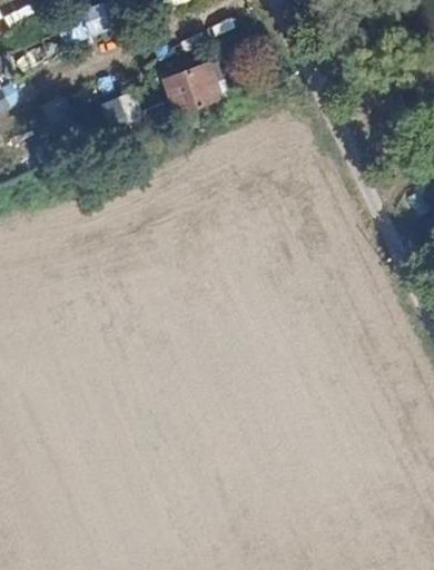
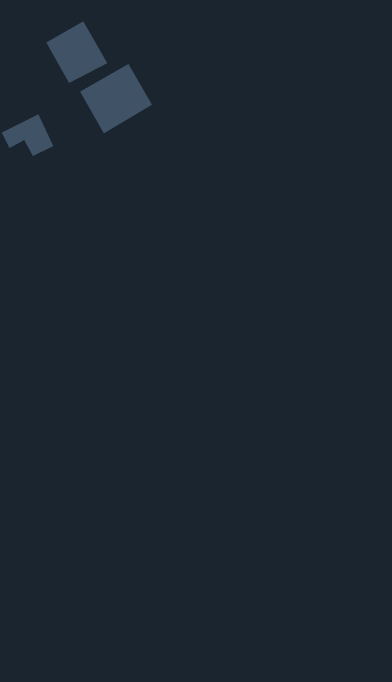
building: none -> [45,20,108,84]

